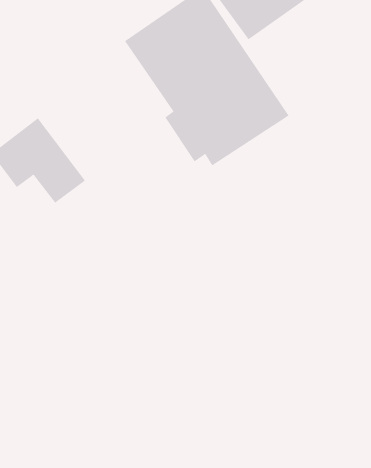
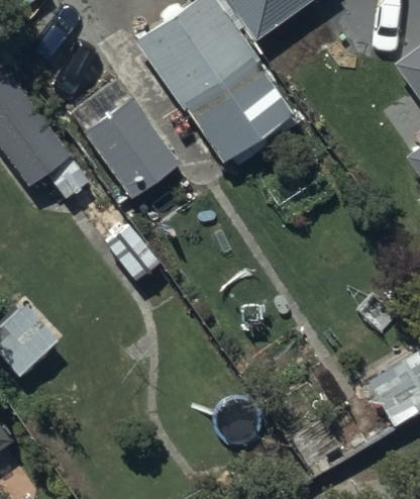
building: none -> [70,78,181,200]

